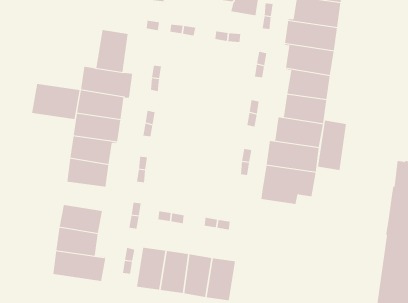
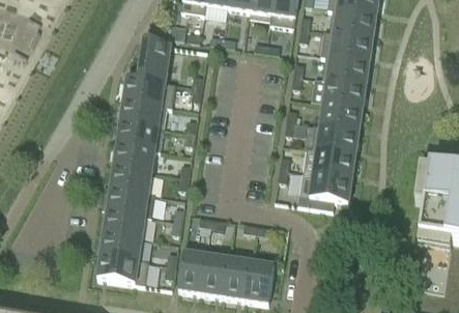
building: [32,83,80,120] -> none
building: [317,107,346,171] -> none
building: none -> [108,186,154,214]

